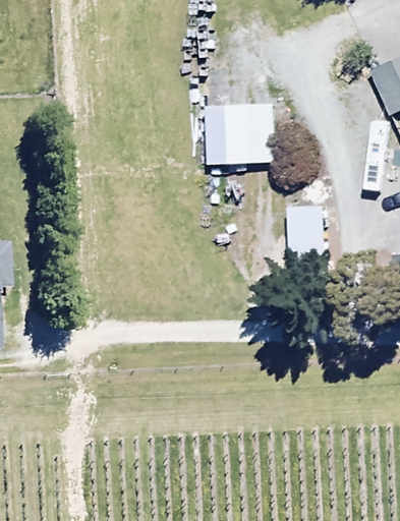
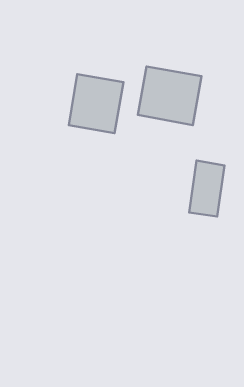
building: none -> [69,74,123,133]

